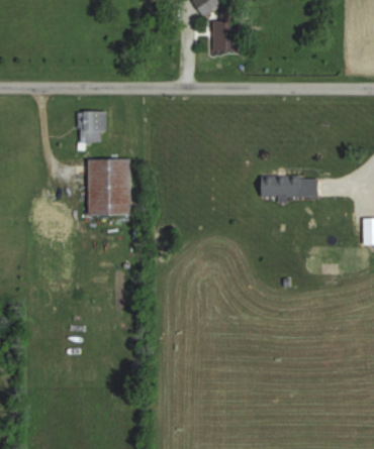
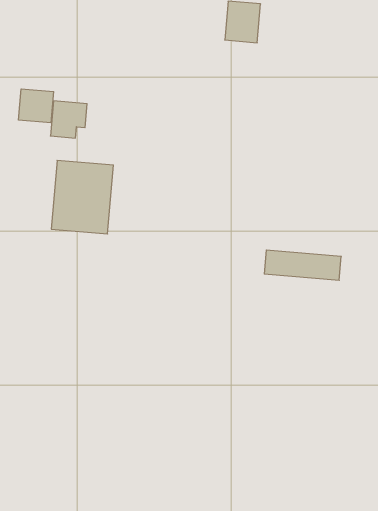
building: none -> [19,89,54,123]
building: [256,178,316,197] -> [264,250,341,280]

